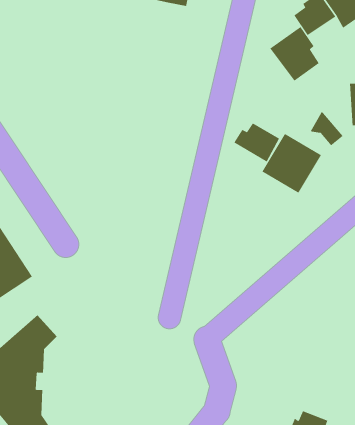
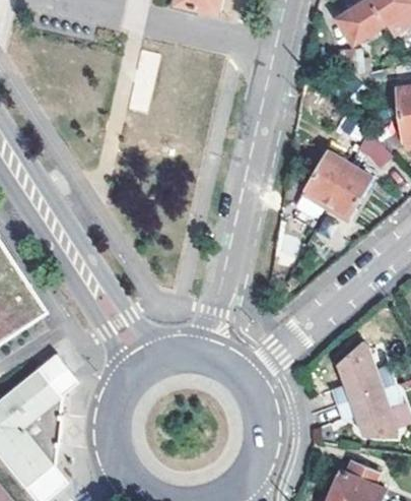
building: [269,26,320,81] -> none
building: [234,122,280,163] -> none
building: none -> [328,342,399,440]

